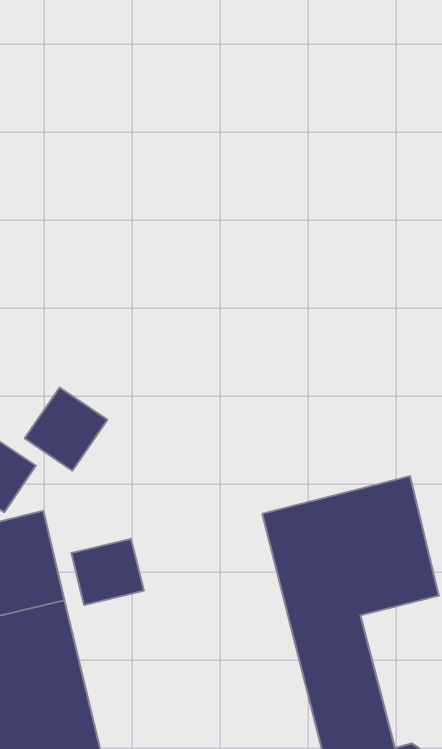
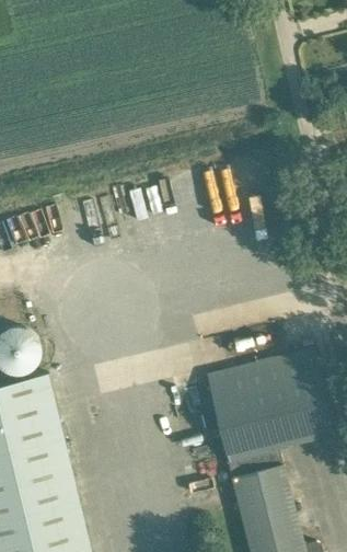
building: [25,387,107,471] -> none
building: [71,539,144,605] -> none

